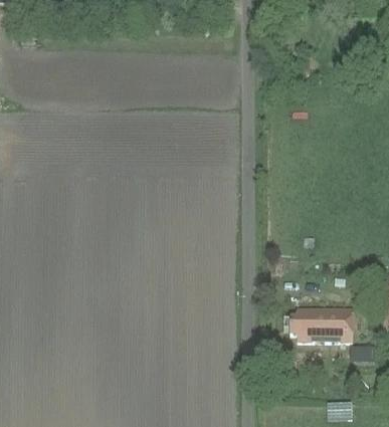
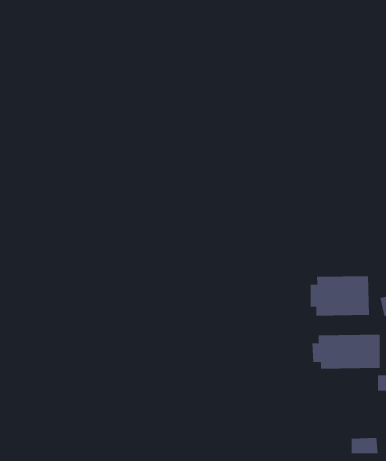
building: none -> [310,275,370,316]

